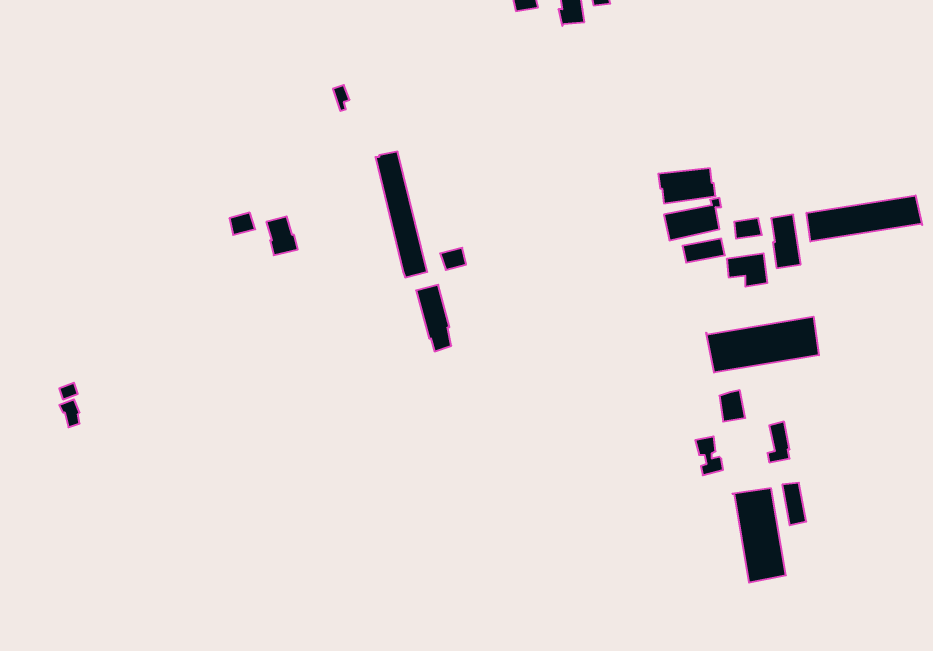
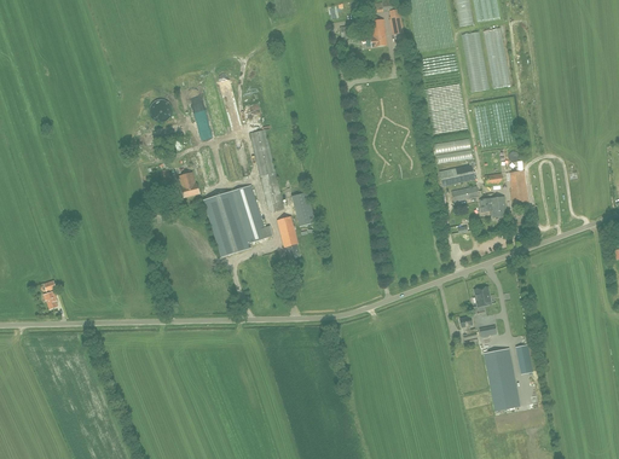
building: [807,195,922,242] -> none
building: none -> [204,185,273,256]
building: [706,317,819,373] -> none

